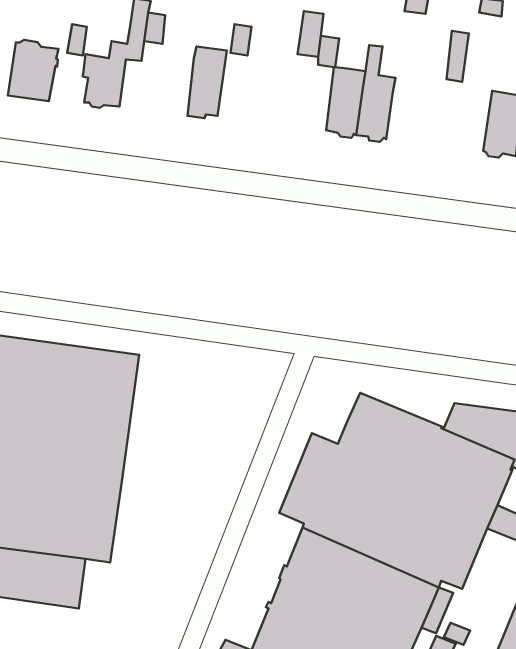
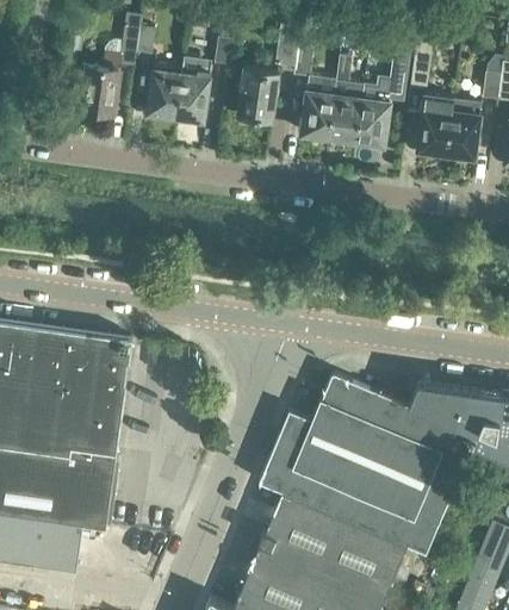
building: none -> [356,42,411,148]
building: [8,40,58,101] -> none
building: none -> [147,66,181,122]
building: none -> [236,69,278,122]
building: none -> [417,95,453,157]

